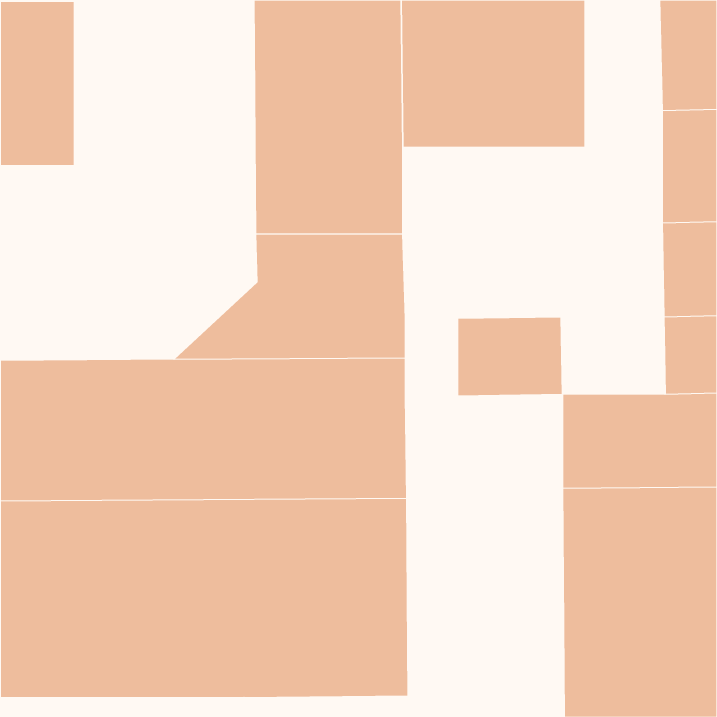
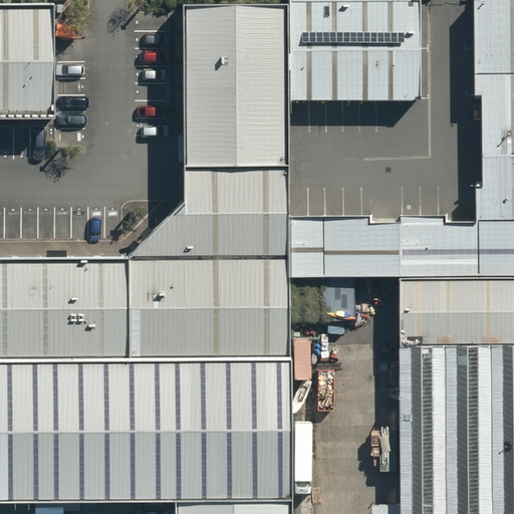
building: none -> [402,227,476,282]
building: none -> [290,228,327,283]

